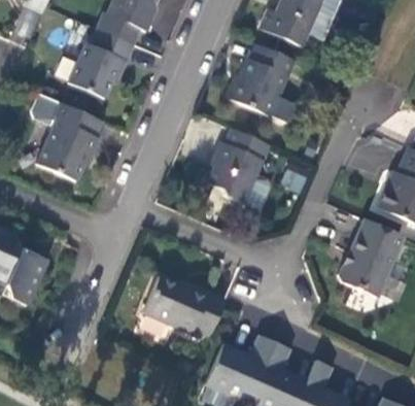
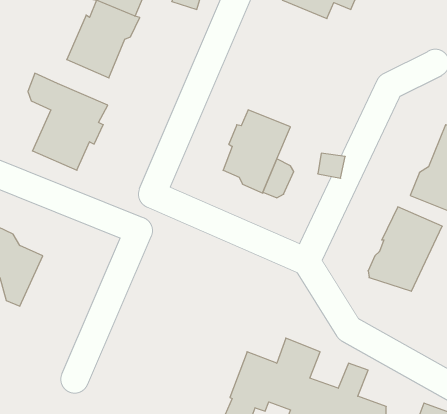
building: [227,43,292,115] -> none
building: [142,278,227,337] -> none

